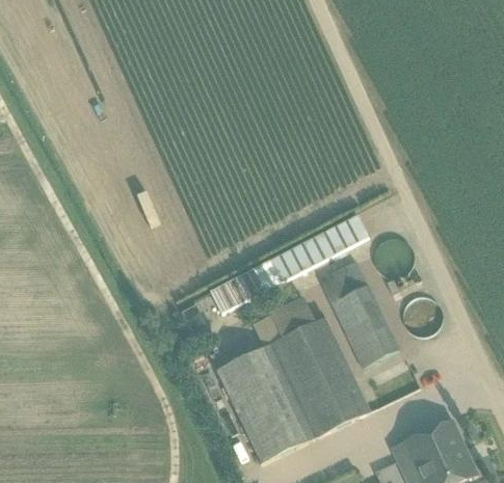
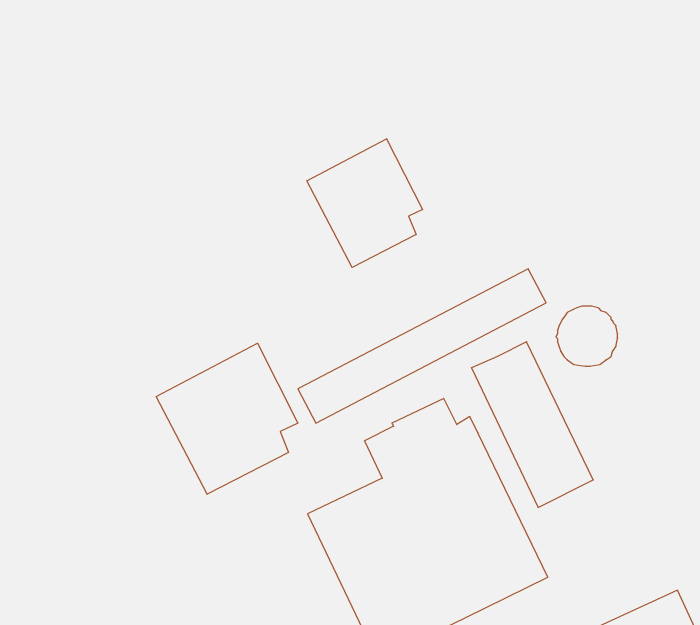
building: none -> [307,139,423,267]
building: none -> [156,343,298,494]

